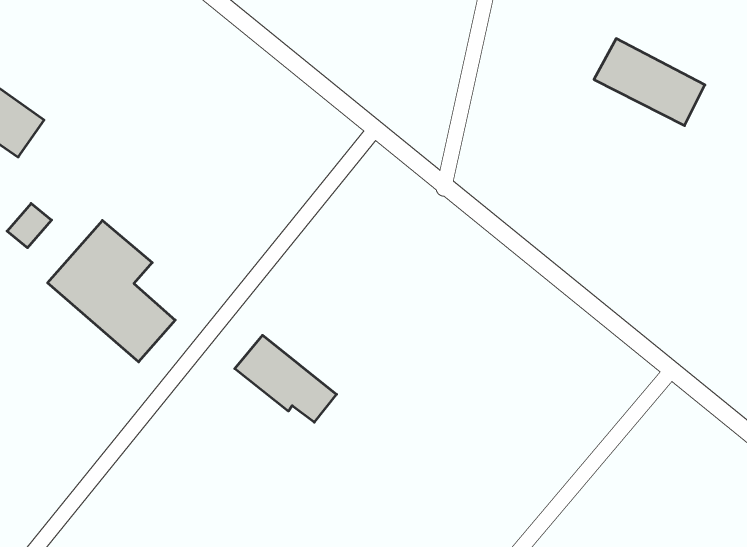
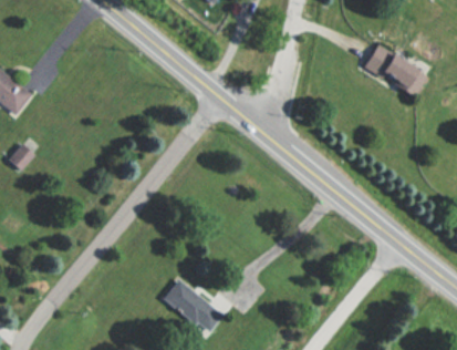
building: [48,220,175,362] -> none
building: [235,335,337,422] -> [165,280,226,332]

